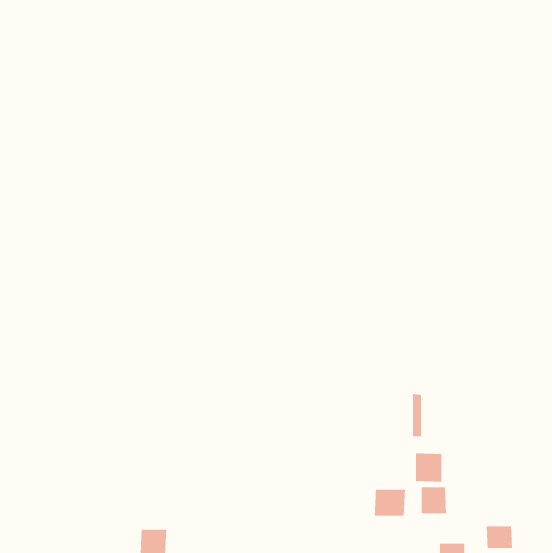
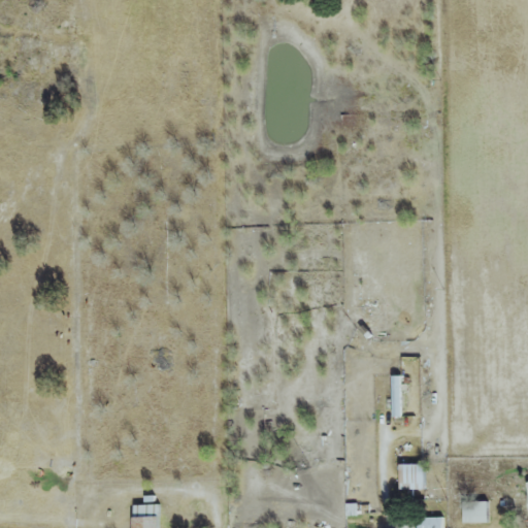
building: [416,452,442,483] -> none
building: [374,489,405,516] -> none

